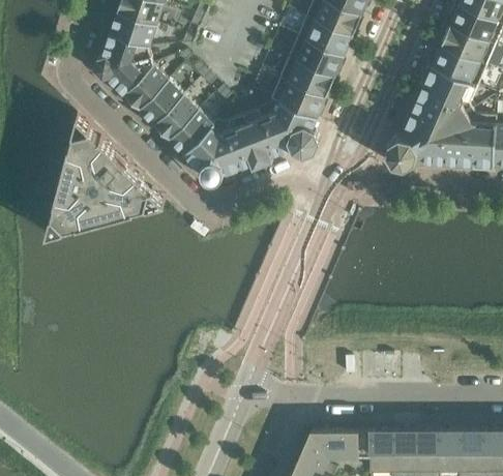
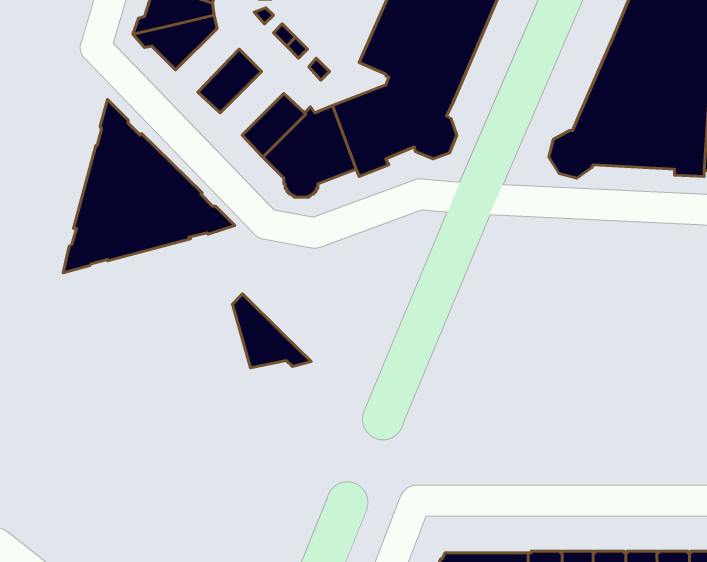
building: [123,66,168,111] -> none
building: [154,96,199,141] -> none
building: none -> [232,294,311,368]

